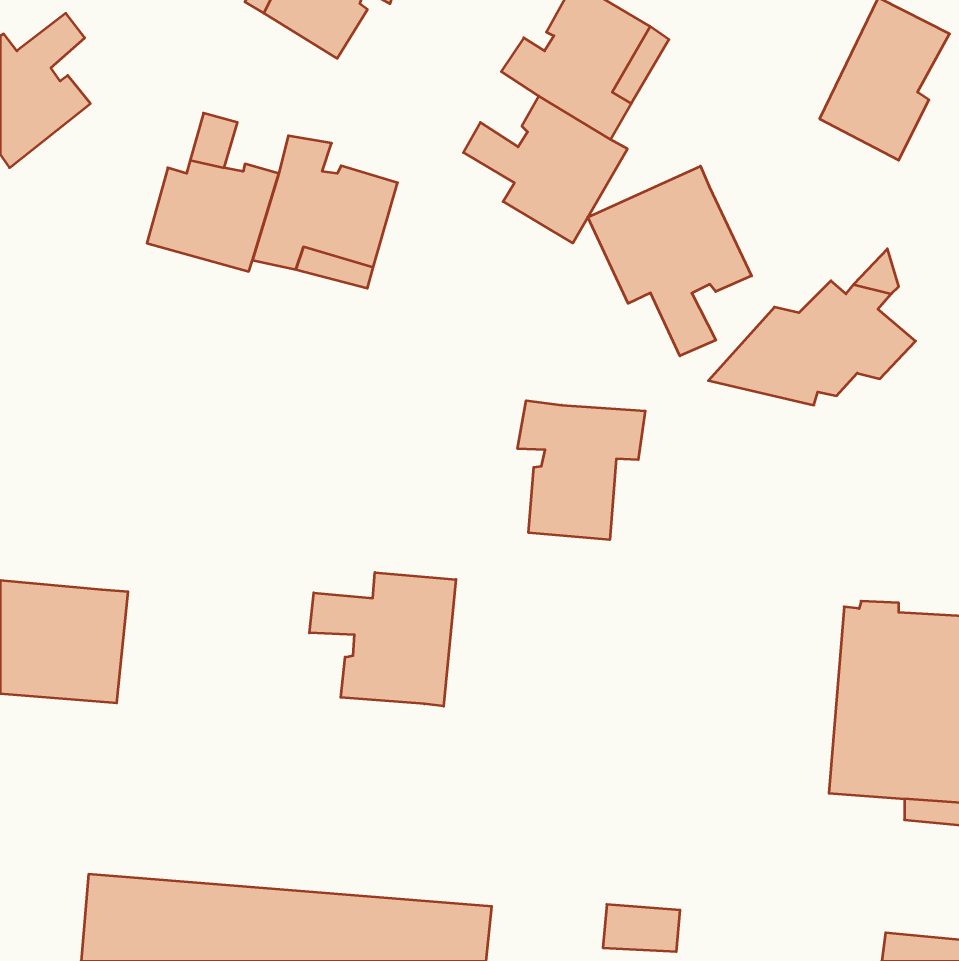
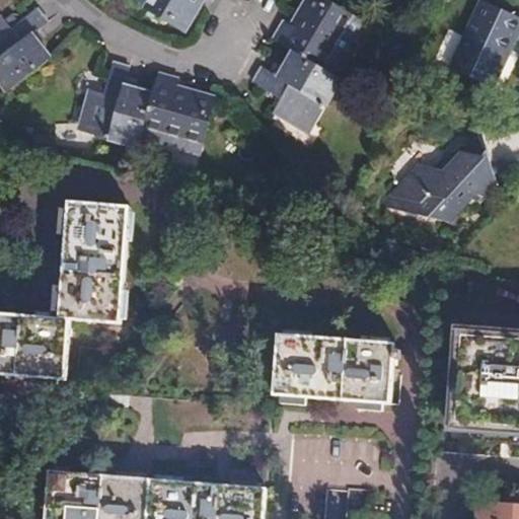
building: [588,166,752,356] -> none
building: none -> [53,200,130,322]
building: [518,401,645,540] -> none
building: [309,572,456,706] -> none
building: none -> [272,335,398,405]

